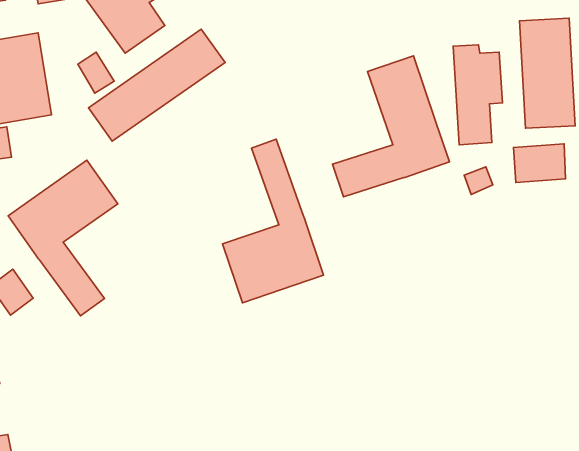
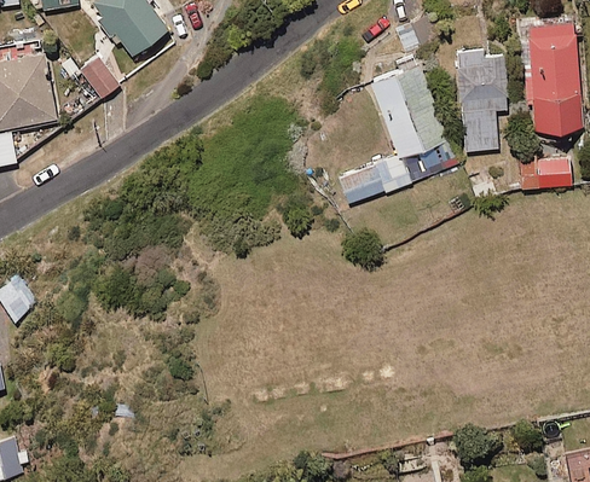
building: [88,29,225,141] -> none
building: [223,139,324,303] -> none
building: [8,160,118,316] -> none

